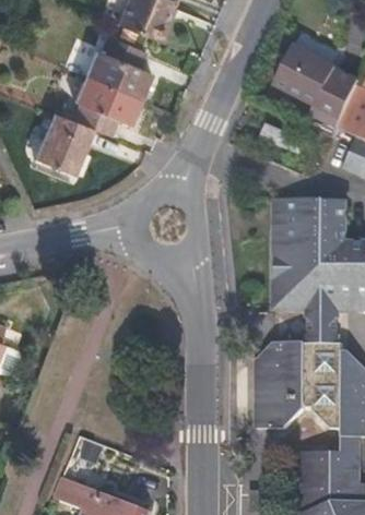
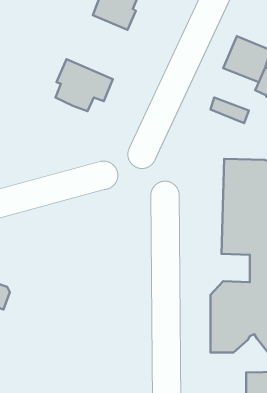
building: [86,38,153,100] -> none
building: [36,116,94,177] -> none

